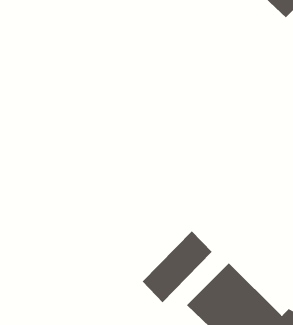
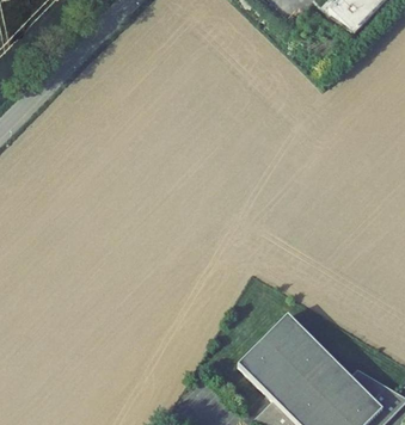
building: [142,230,212,303] -> none

